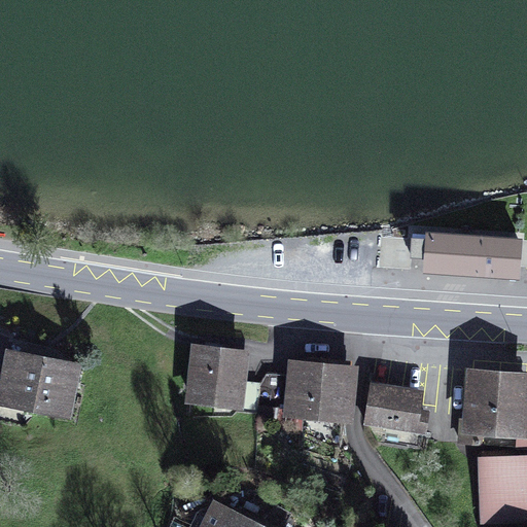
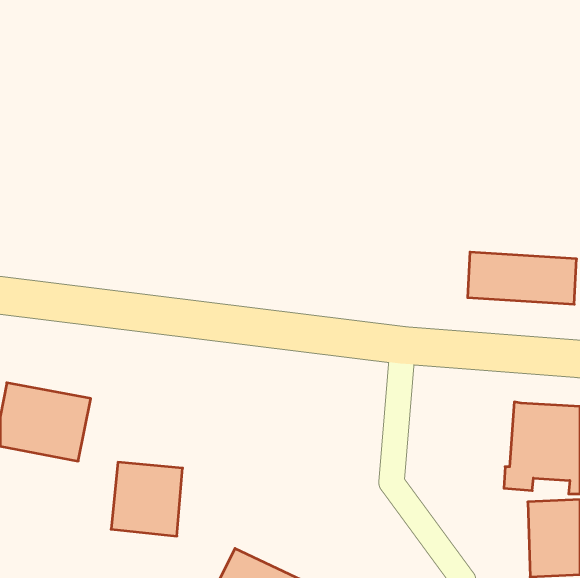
building: [185,344,250,411] -> [111,462,183,536]
building: [283,359,358,424] -> none
building: [363,382,430,435] -> none

